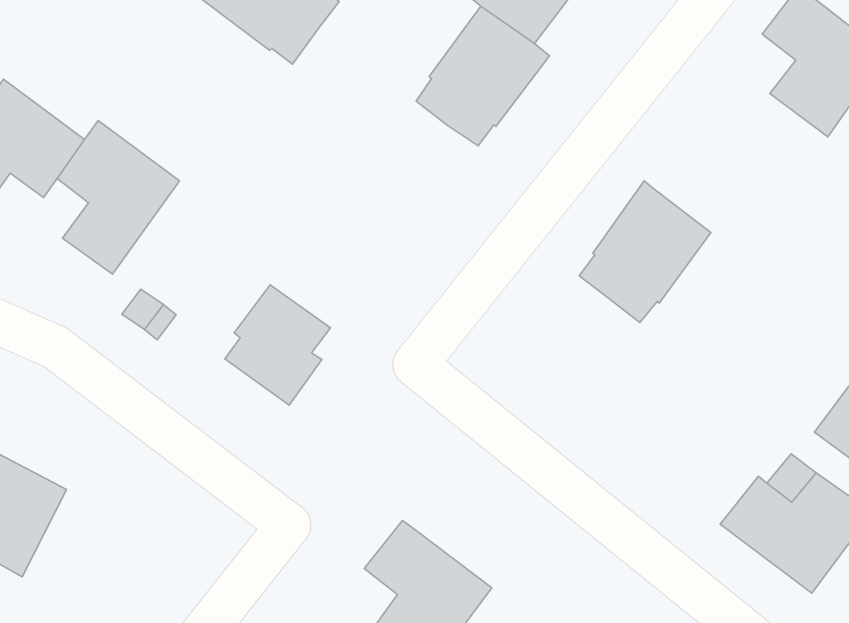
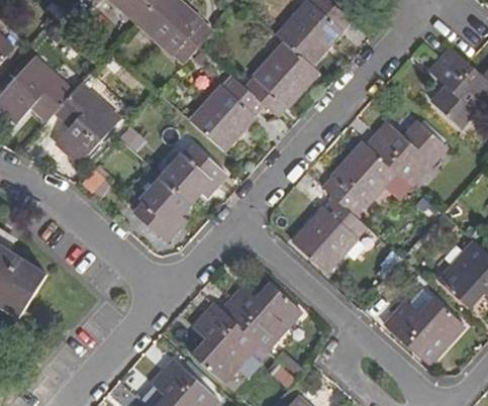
building: none -> [189,75,261,148]
building: none -> [365,119,445,184]
building: none -> [161,145,225,202]
building: none -> [291,198,364,272]
building: none -> [226,290,303,352]

